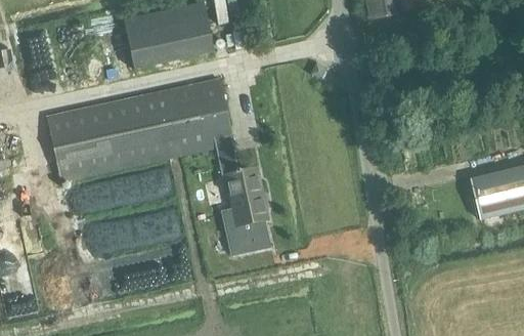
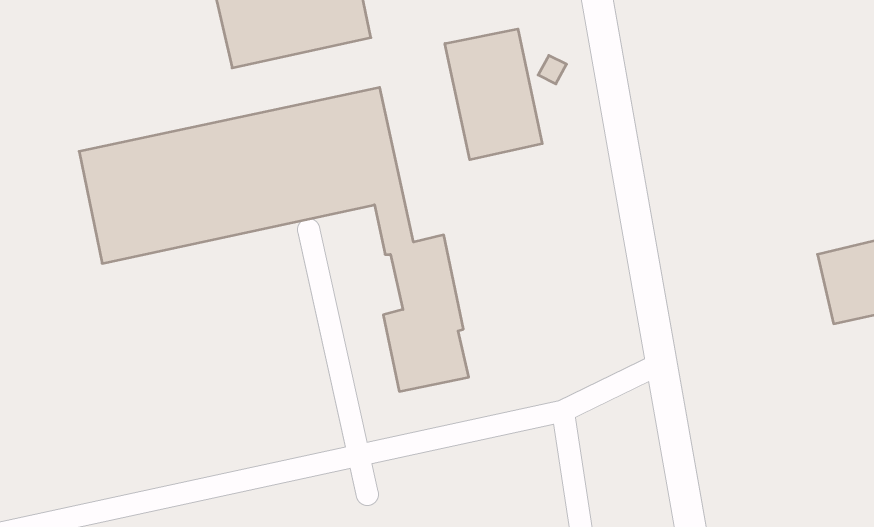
building: none -> [445,29,542,160]

